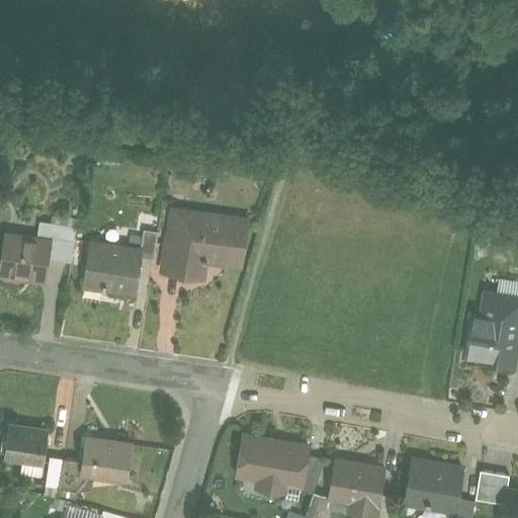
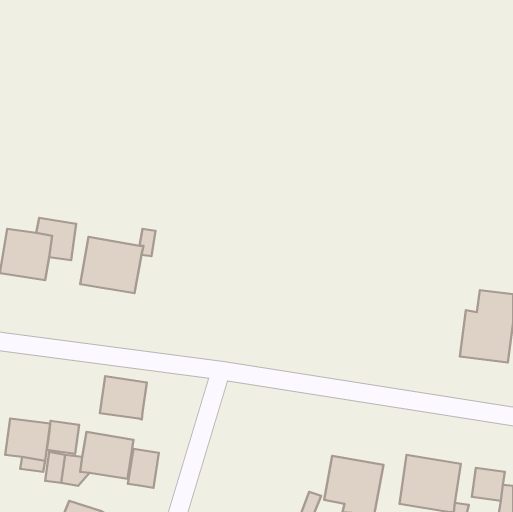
building: [161,203,252,280] -> none
building: none -> [100,376,147,420]
building: none -> [47,421,79,454]
building: [233,436,311,500] -> none
building: none -> [128,449,159,488]

